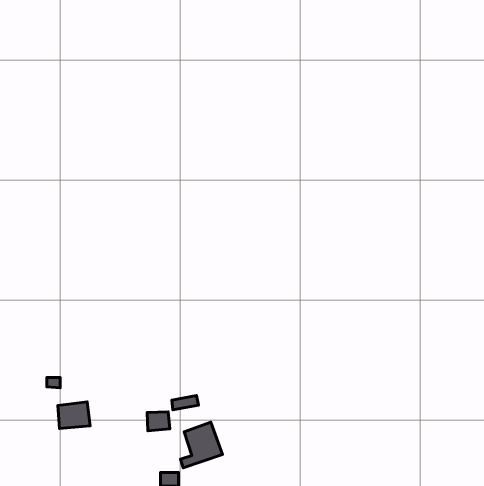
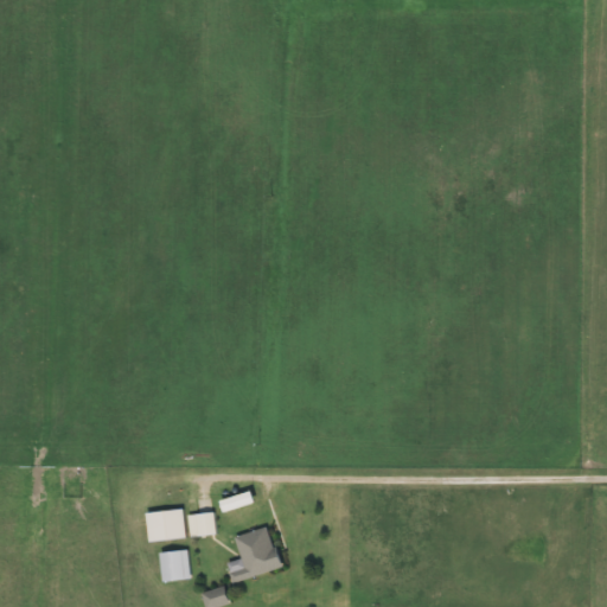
building: [58,402,90,429] -> [145,507,185,541]
building: none -> [158,548,190,580]

